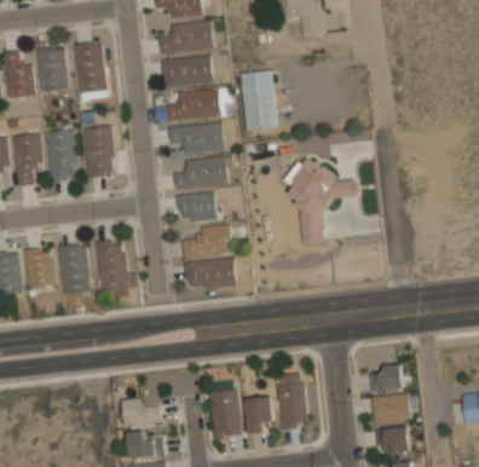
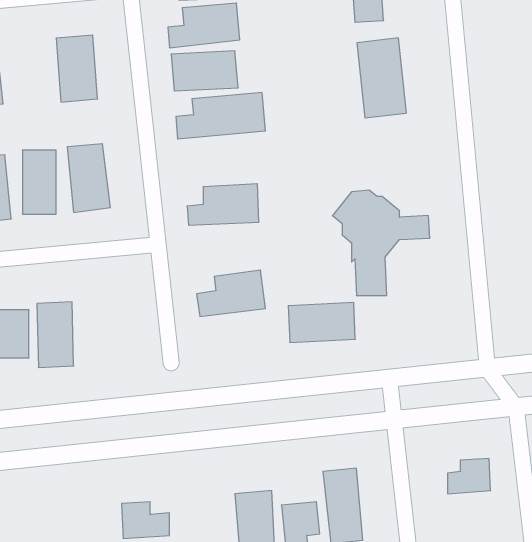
building: [37,51,64,91] -> none
building: [239,69,277,129] -> [357,38,406,118]
building: [167,123,224,154] -> none
building: [177,192,214,219] -> none
building: [97,242,135,295] -> none
building: [184,258,235,288] -> [288,302,355,342]
building: [373,396,411,422] -> none

